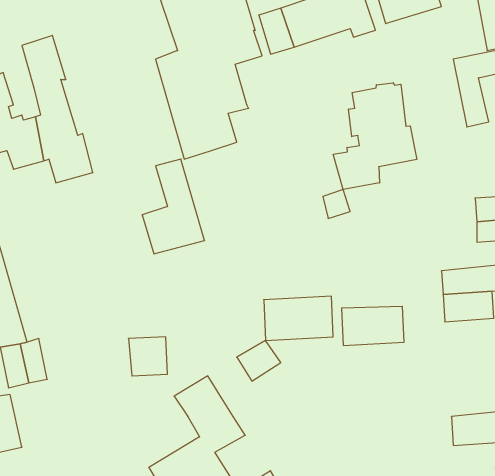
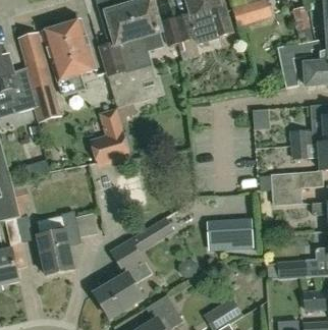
building: none -> [42,19,95,95]
building: [333,83,417,190] -> none
building: [264,296,333,340] -> [208,220,250,246]
building: none -> [37,210,80,274]

